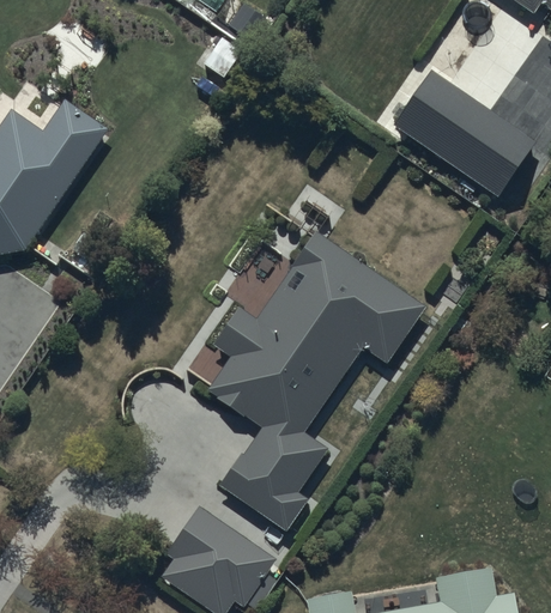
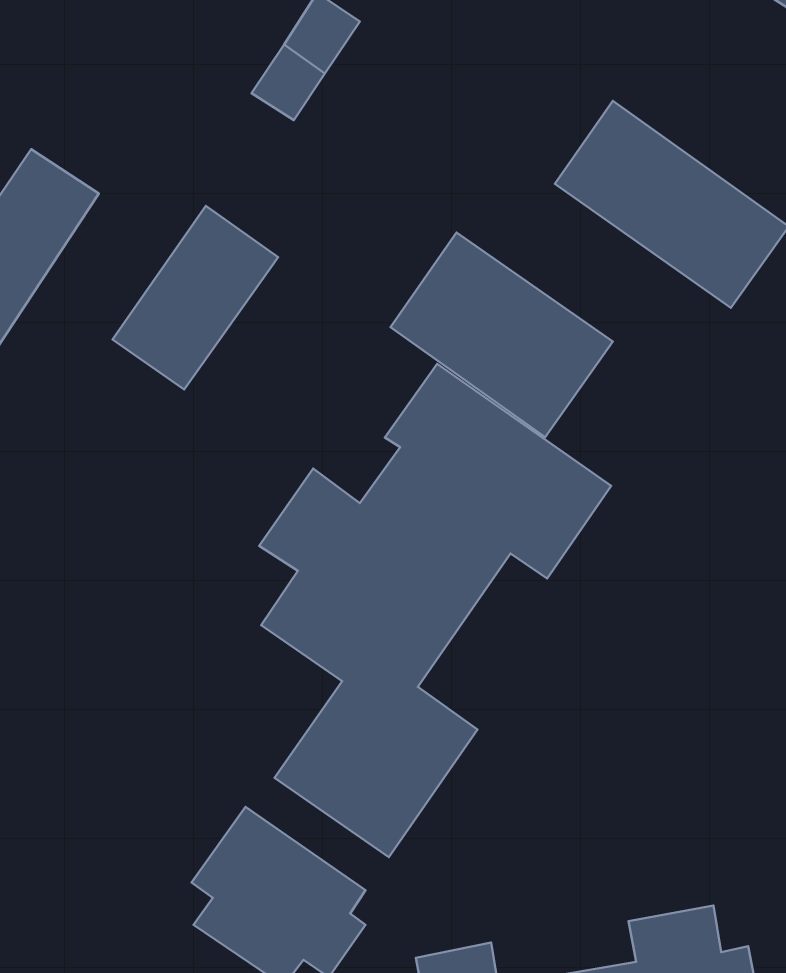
building: none -> [113,206,278,390]
building: none -> [391,233,613,437]

